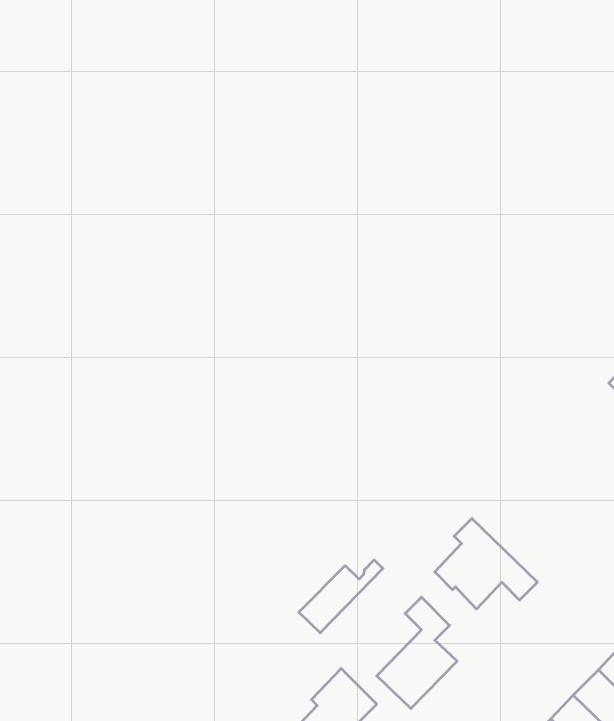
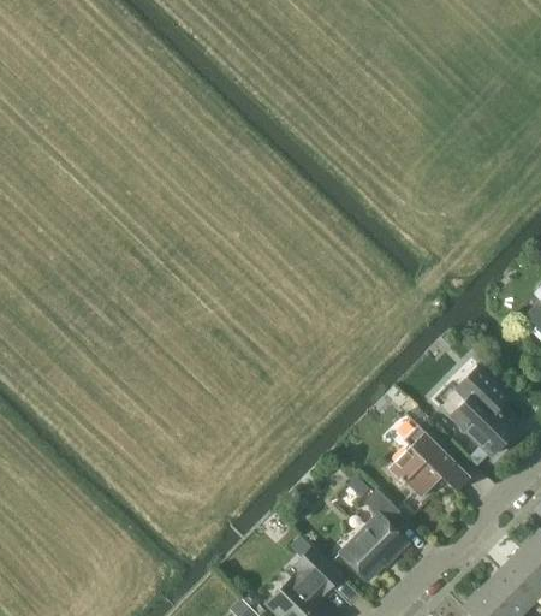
building: none -> [450,367,518,456]
building: [299,560,383,633] -> none

